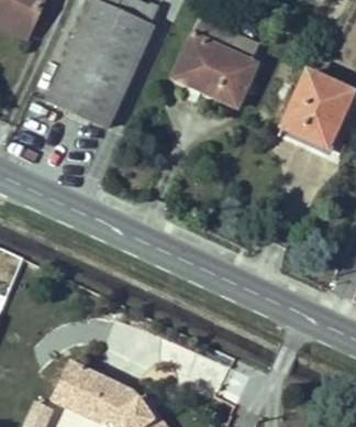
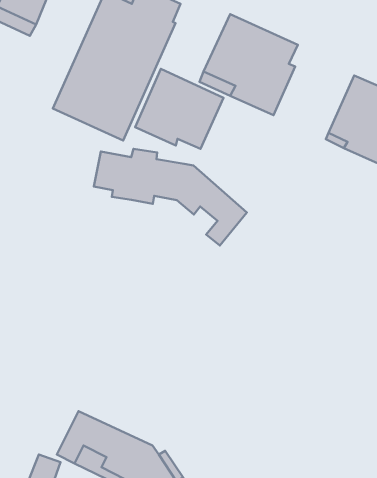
building: none -> [135,69,224,149]
building: none -> [94,149,247,246]

